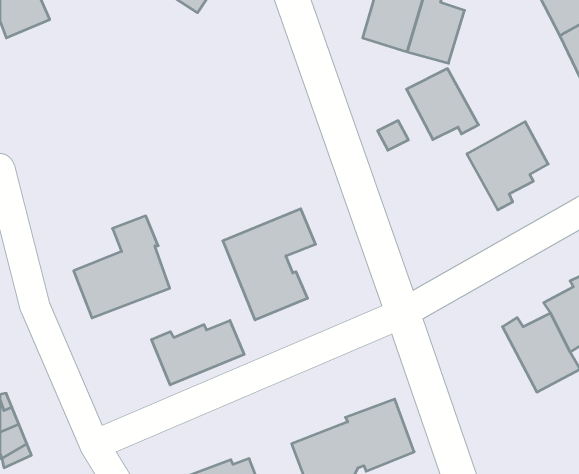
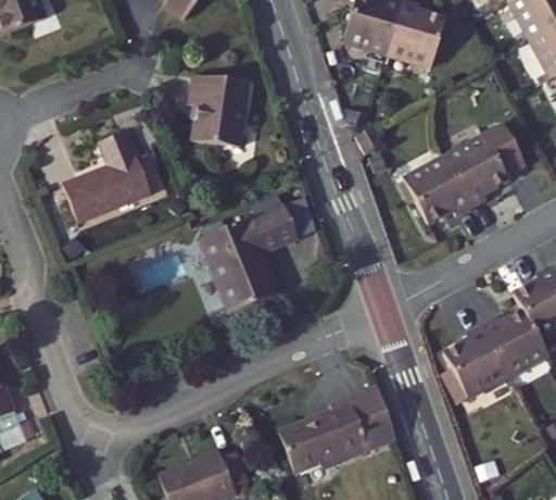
building: [406,69,479,140] -> [404,155,472,223]
building: none -> [193,75,254,151]
building: [74,216,170,318] -> [68,127,160,224]
building: [152,320,244,385] -> none
building: none -> [443,320,509,402]

